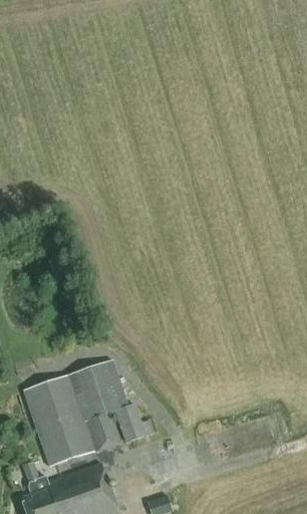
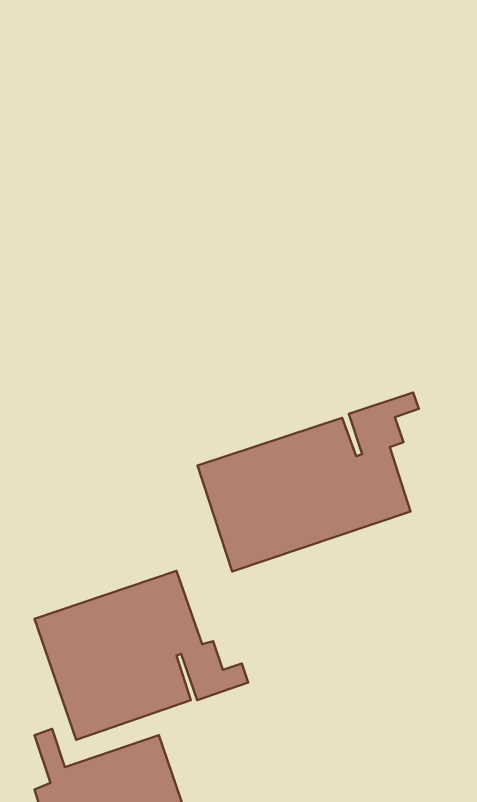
building: none -> [197,392,419,572]

